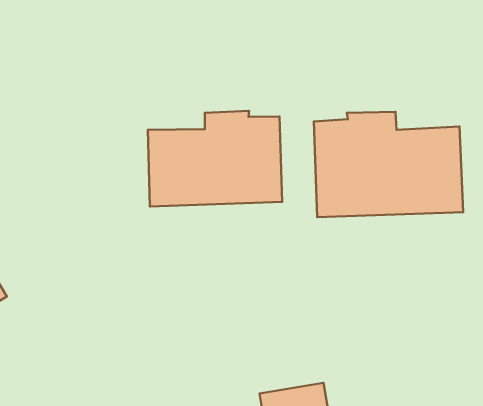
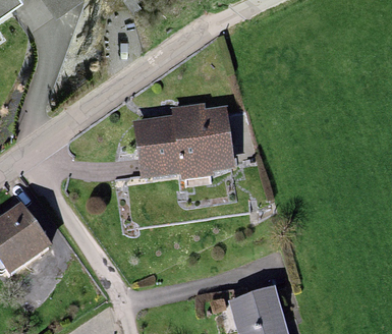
building: [314,112,463,217] -> none

